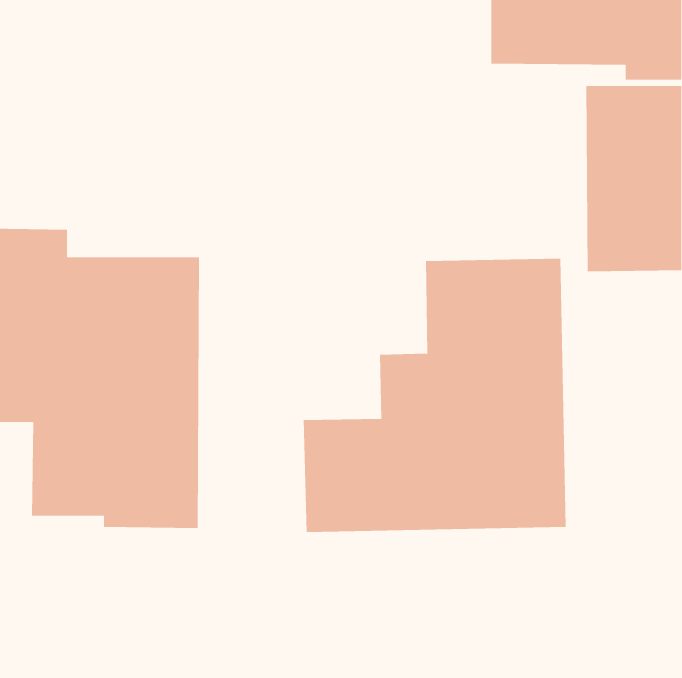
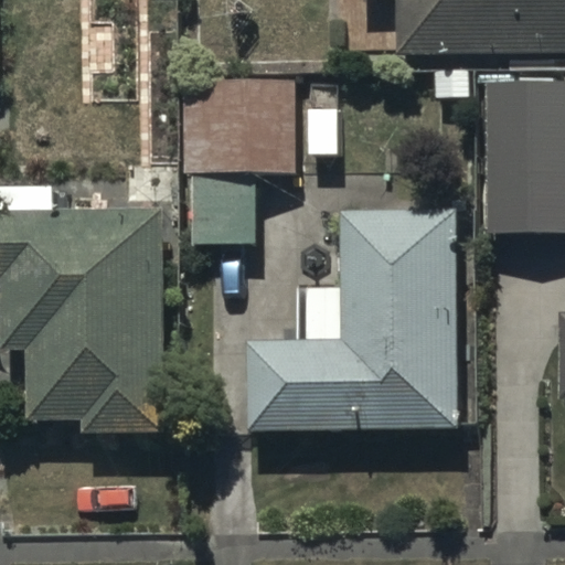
building: none -> [178,76,331,243]

